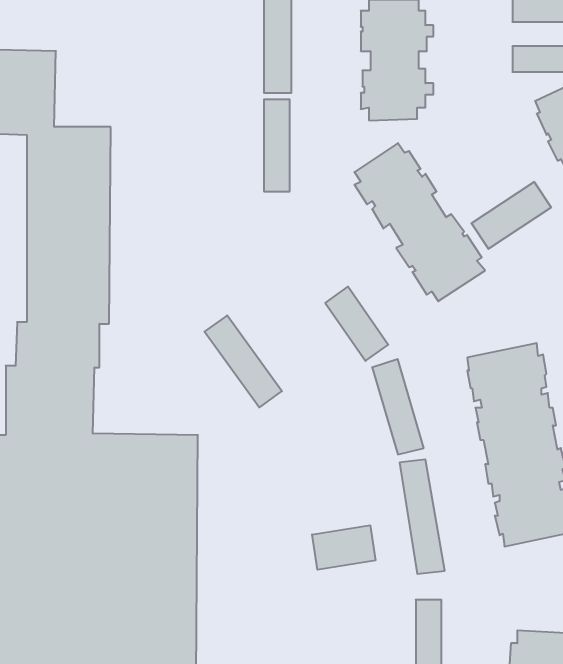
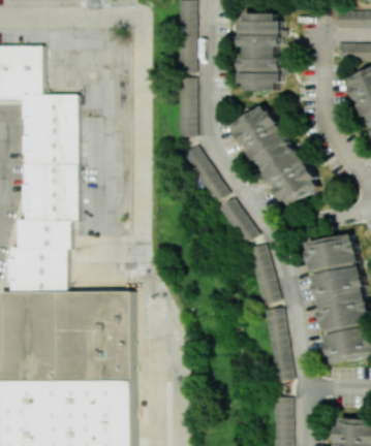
building: [471,182,551,249] -> none
building: [204,315,282,407] -> [177,146,226,204]
building: [312,525,375,570] -> none

